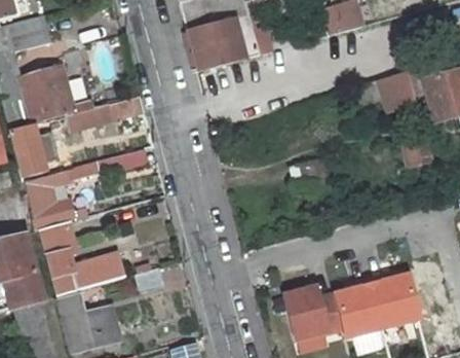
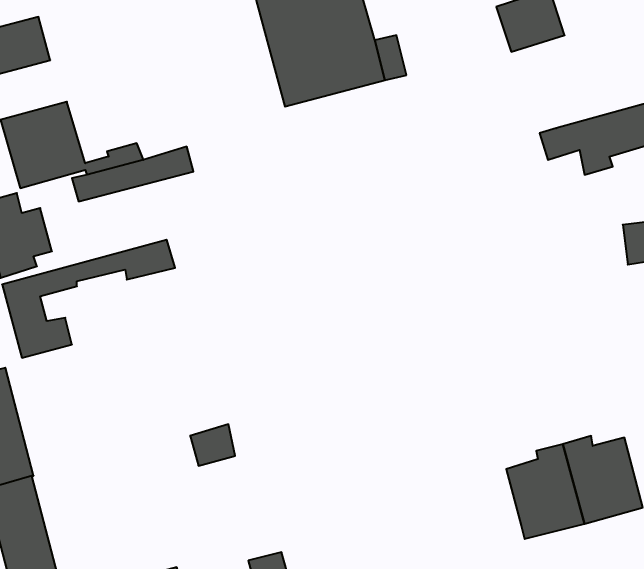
building: [35,220,124,293] -> none
building: [282,288,343,341] -> none
building: [61,294,123,350] -> none

